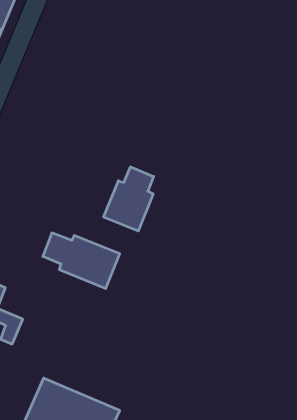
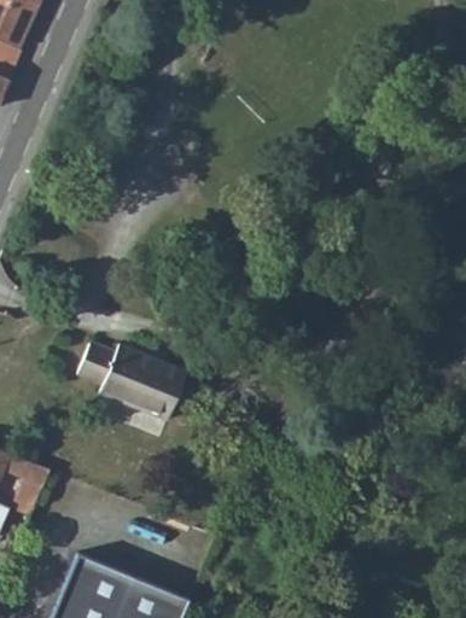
building: [104,167,154,231] -> none

